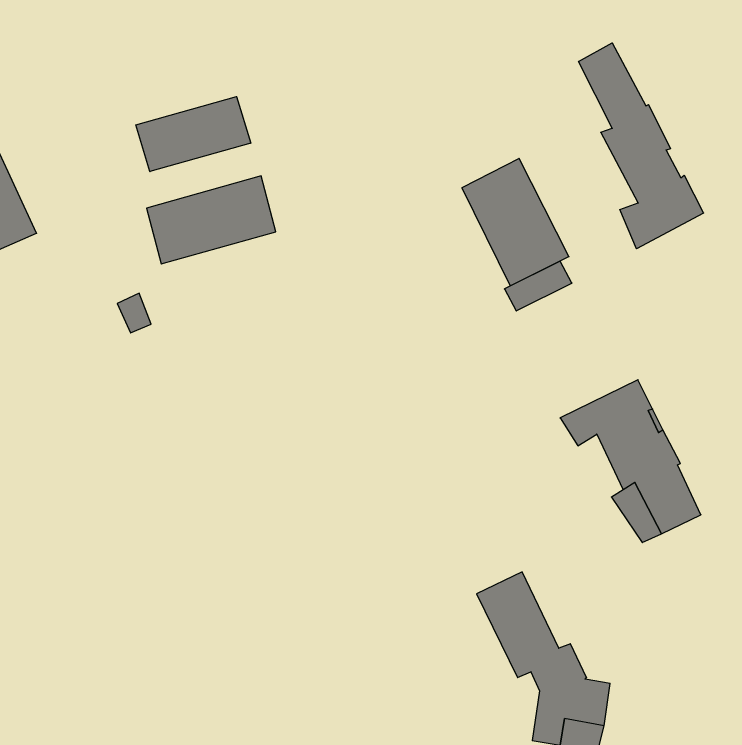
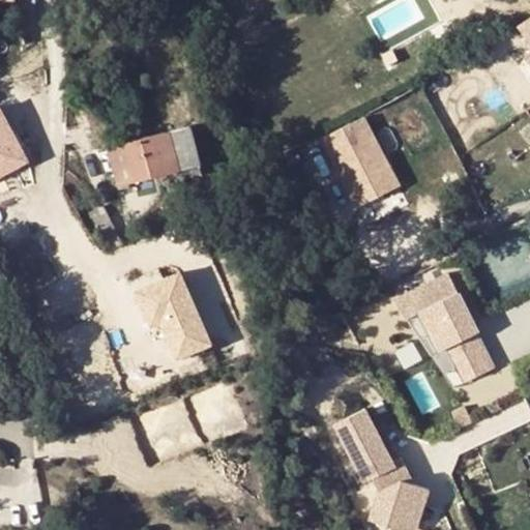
building: [579,43,704,249] -> none
building: [136,97,251,172] -> none
building: none -> [128,270,209,363]

